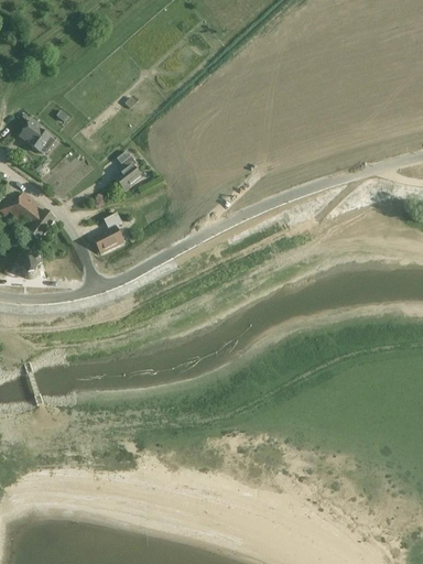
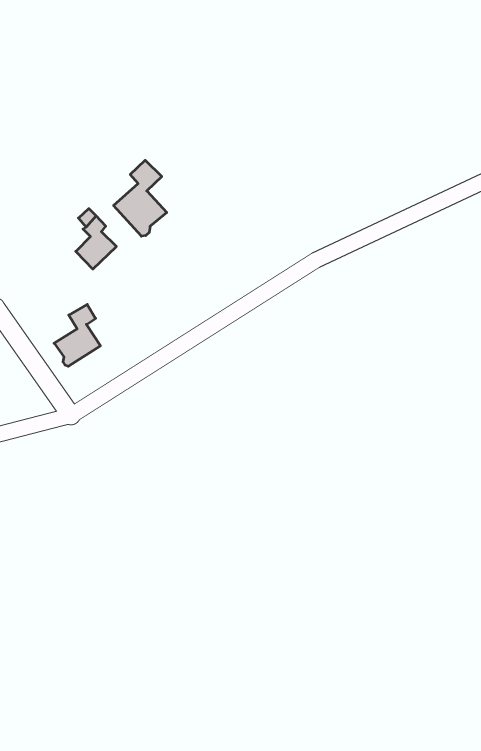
building: none -> [114,160,167,236]

